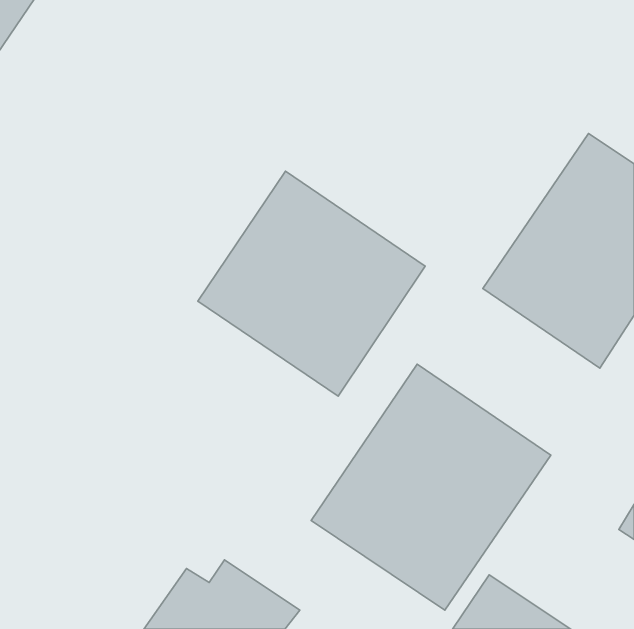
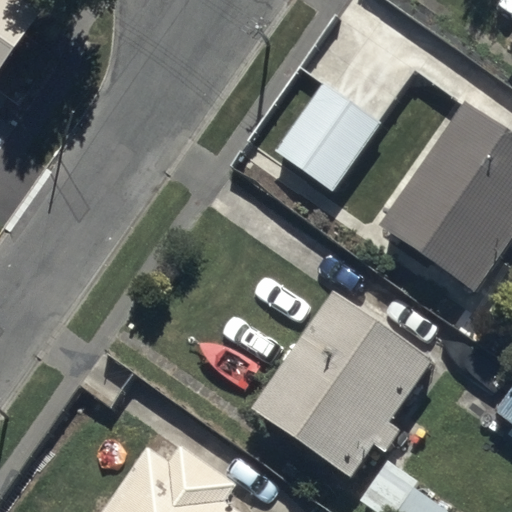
building: none -> [275,80,383,191]
building: [198,171,425,396] -> none

